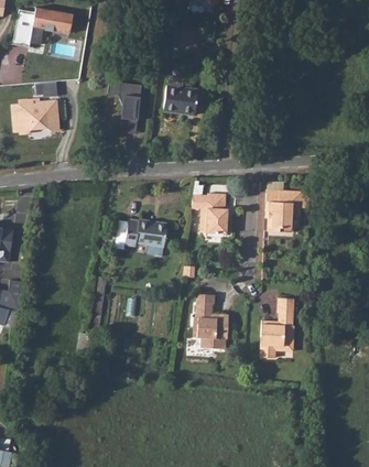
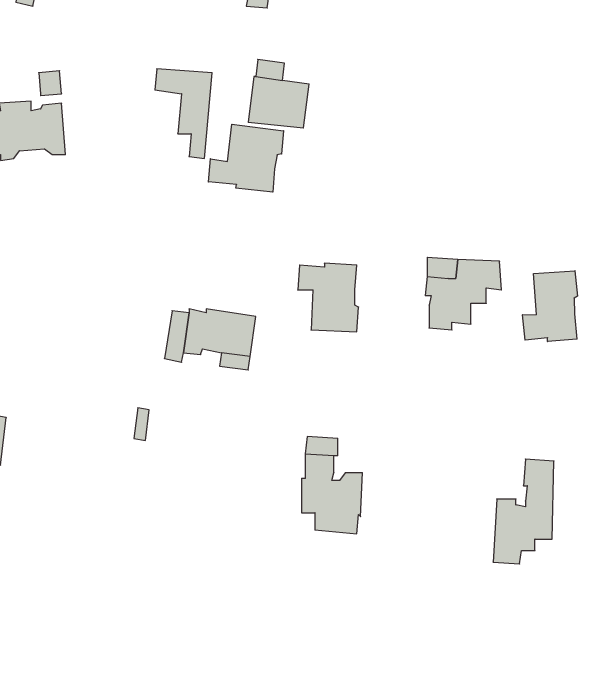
building: none -> [208,124,284,192]
building: none -> [523,271,577,342]
building: [259,297,294,358] -> [493,459,554,564]

